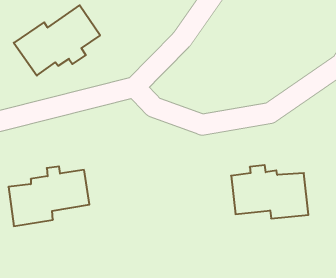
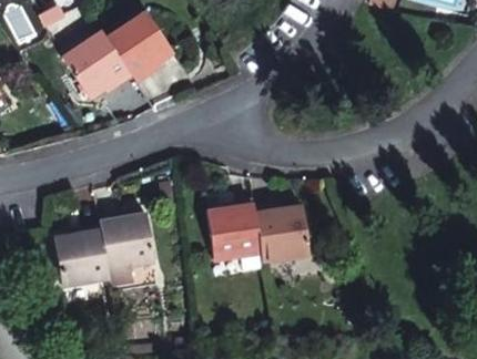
building: [231,165,308,218] -> [213,198,309,265]

